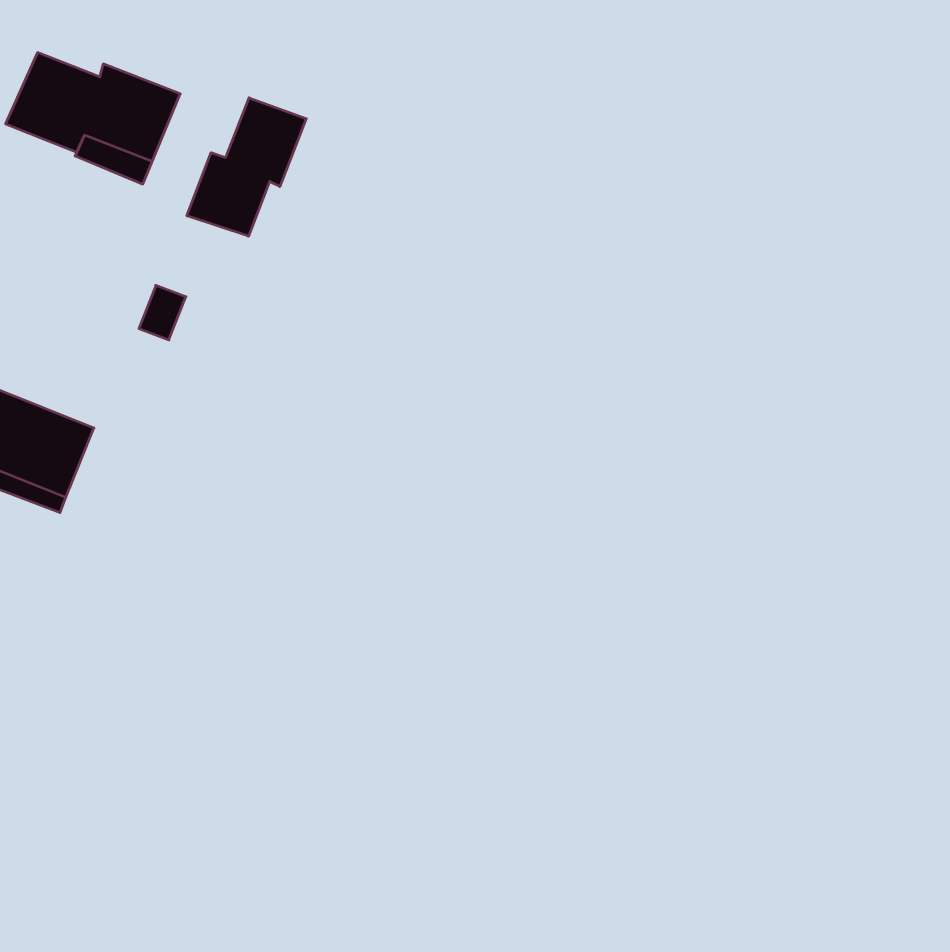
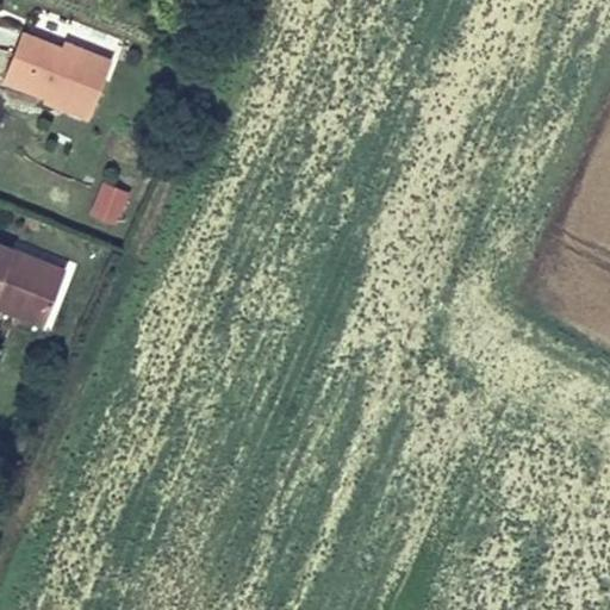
building: [187,98,306,236] -> none

